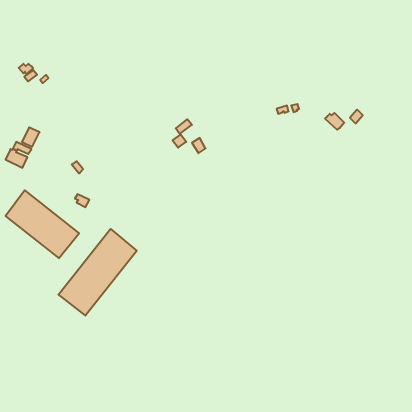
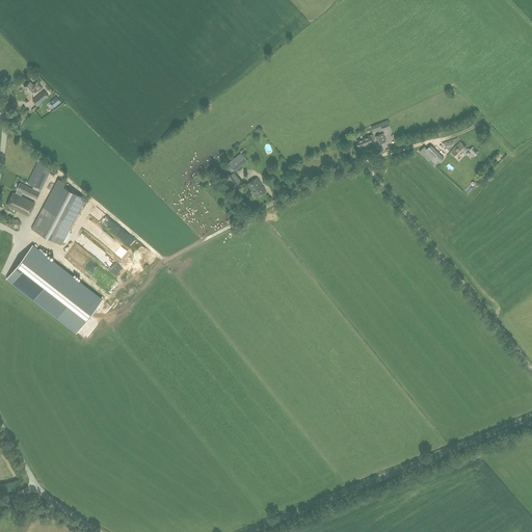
building: none -> [32,183,85,245]
building: [58,229,137,316] -> none

